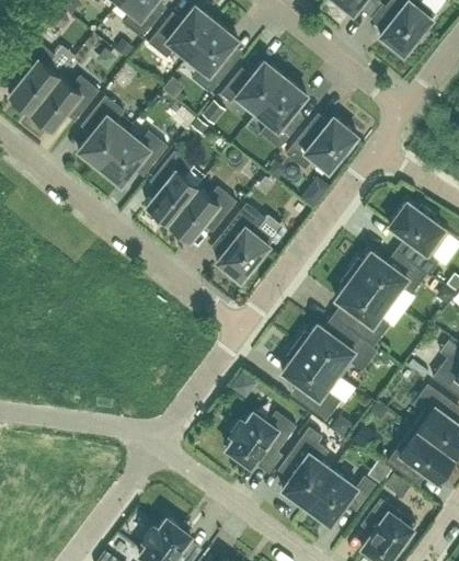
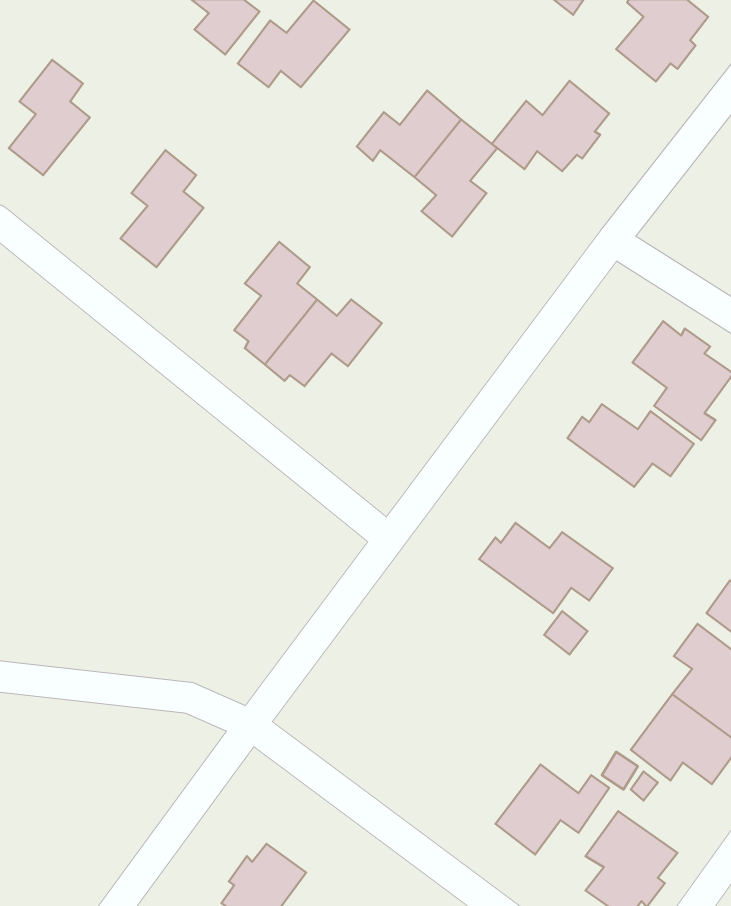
building: [187,24,238,94] -> none
building: [31,78,99,130] -> none
building: [286,117,357,172] -> [492,81,609,171]
building: [100,133,168,186] -> none
building: [217,205,273,282] -> none
building: [335,273,390,345] -> none
building: [282,346,341,421] -> none
building: [226,412,296,468] -> none
building: [279,428,333,507] -> none

